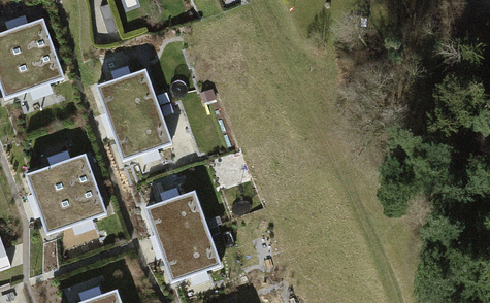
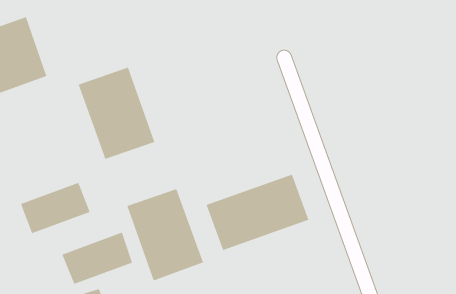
building: [26,151,97,204] -> [62,232,133,285]
building: none -> [206,174,309,251]

